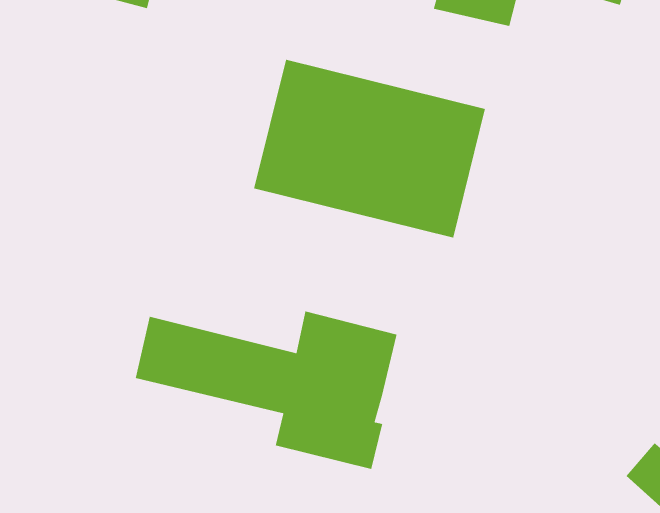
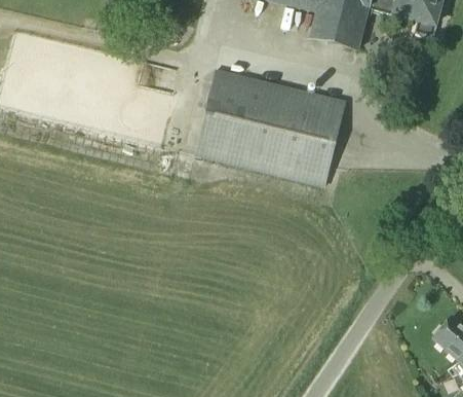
building: [135,310,397,470] -> none

